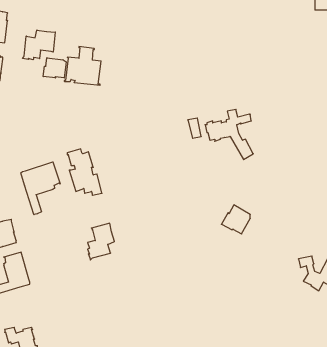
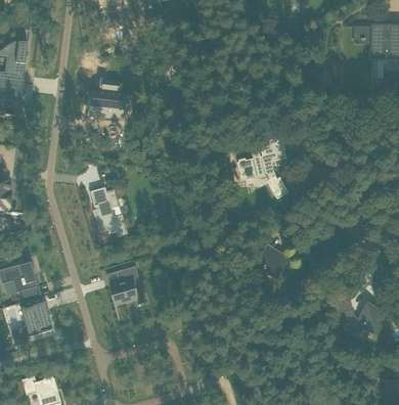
building: [23,30,55,60] -> none
building: [43,58,66,78] -> none
building: [21,162,60,215] -> none

